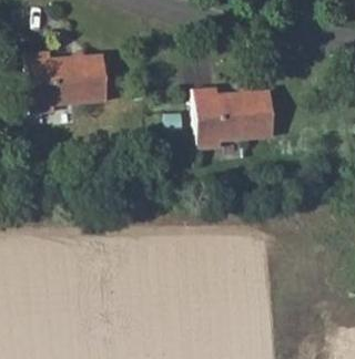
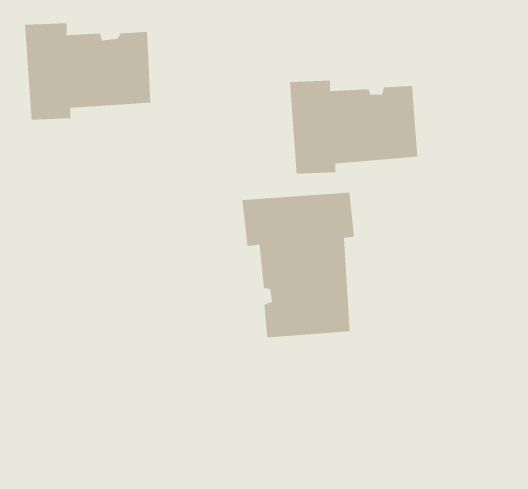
building: none -> [242,192,355,338]

